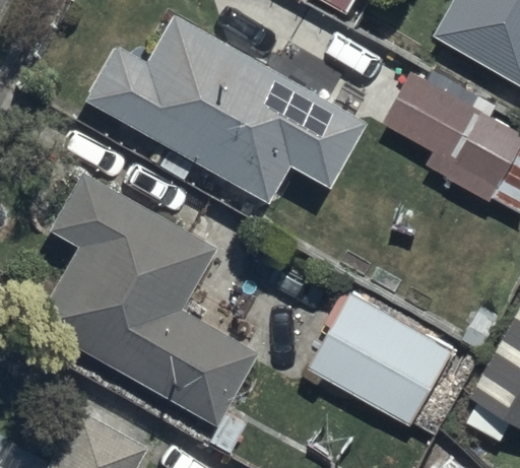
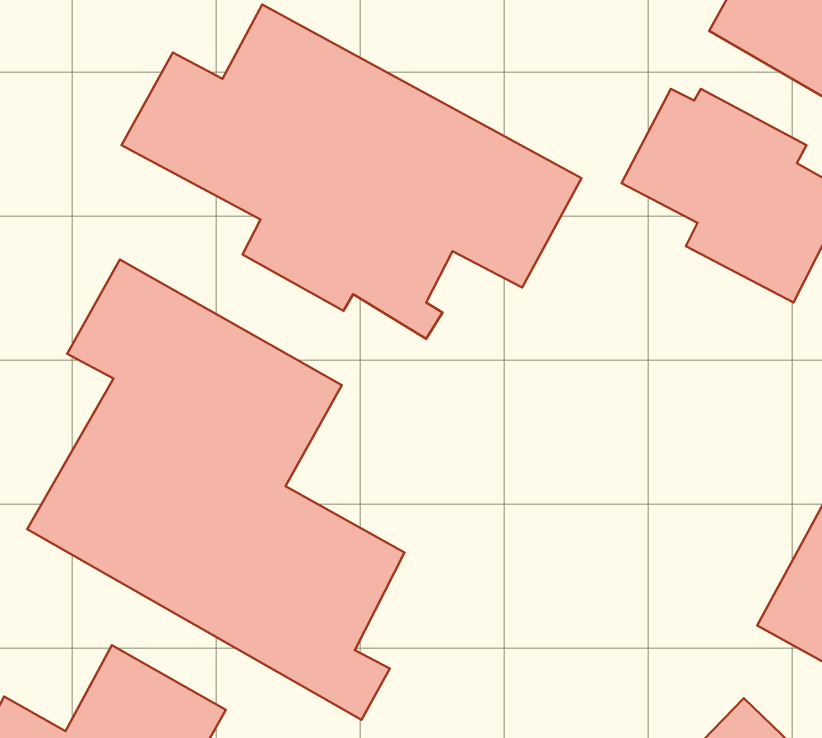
building: [315,291,457,423] -> none

